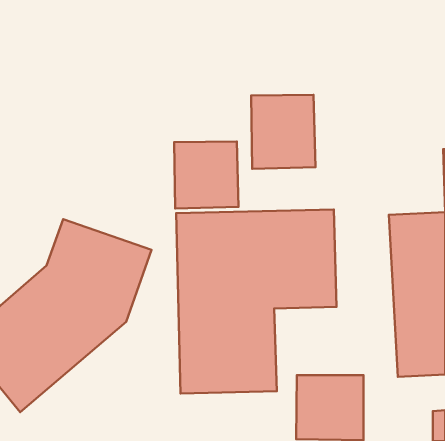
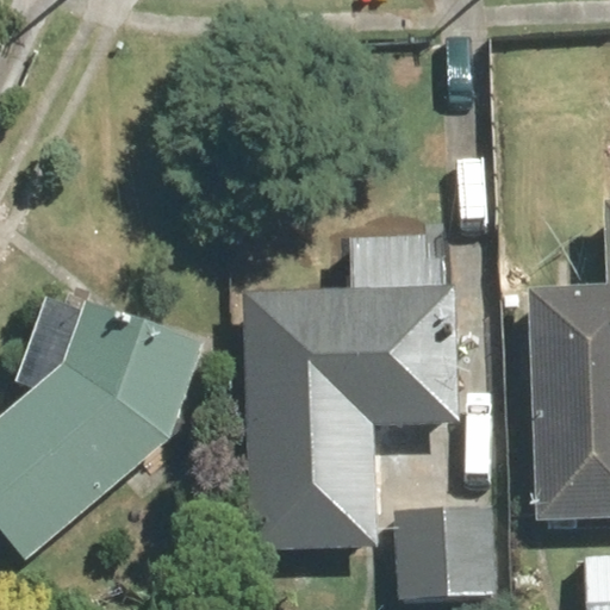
building: [251,95,315,169] -> none
building: [174,141,238,209] -> none

